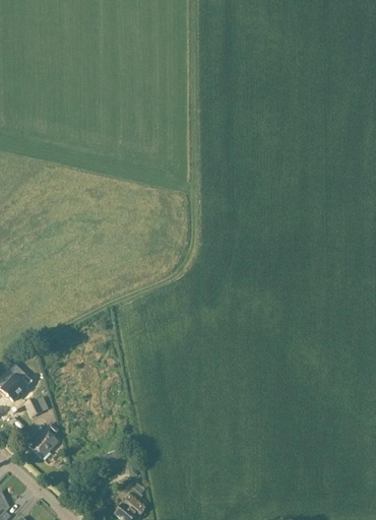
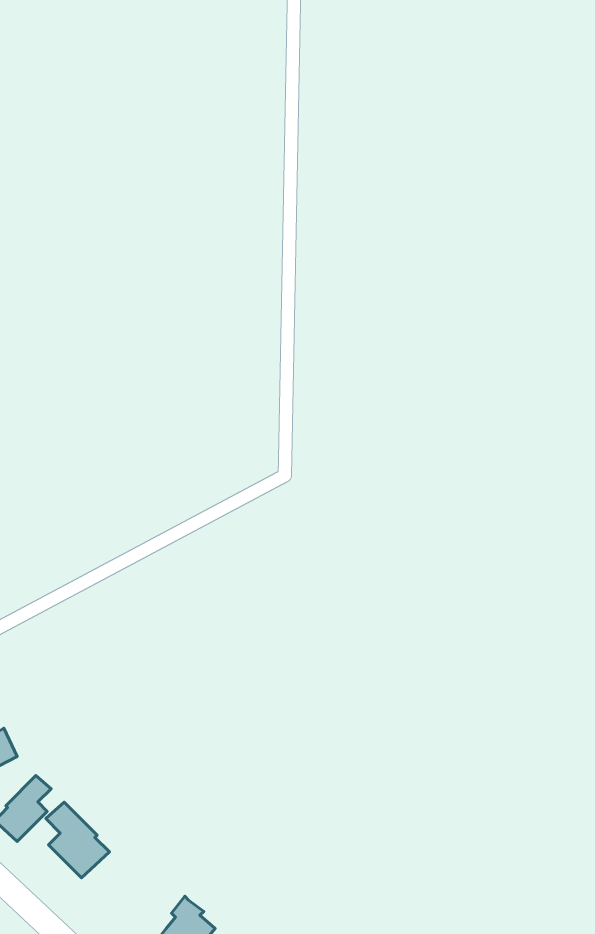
building: none -> [46,802,109,878]

